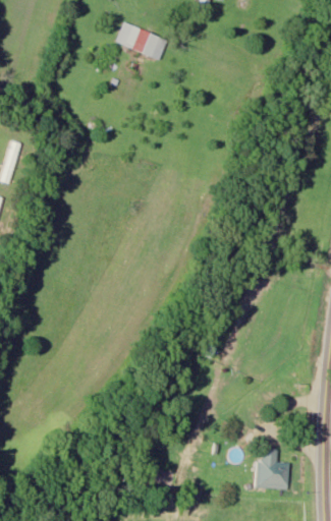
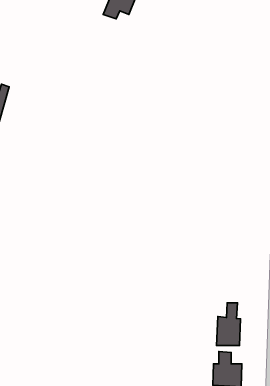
building: none -> [216,303,241,346]

